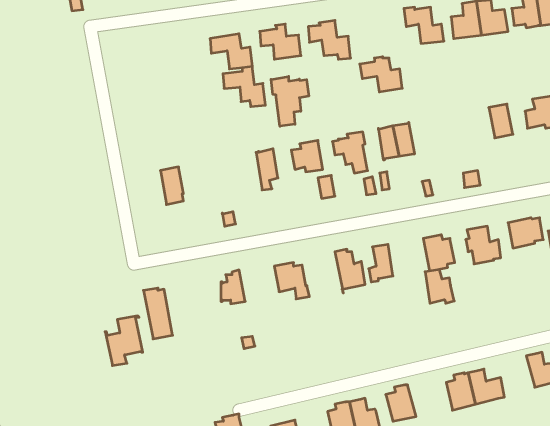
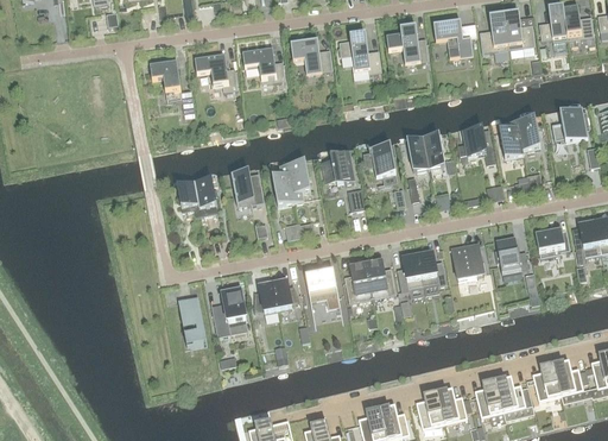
building: none -> [150,59,180,99]
building: [360,57,402,92] -> [386,26,428,61]
building: [223,67,265,107] -> [195,49,236,88]
building: [271,76,309,126] -> none
building: none -> [499,118,522,156]
building: none -> [456,125,494,162]
building: none -> [272,162,293,202]
building: none -> [230,169,262,204]
building: none -> [176,179,200,214]
building: none -> [344,259,373,301]
building: none -> [271,276,299,308]
building: [425,269,454,303] -> [417,250,445,283]
building: [105,316,143,366] -> [209,285,246,334]
building: none -> [531,361,560,398]
building: none -> [436,386,471,421]

